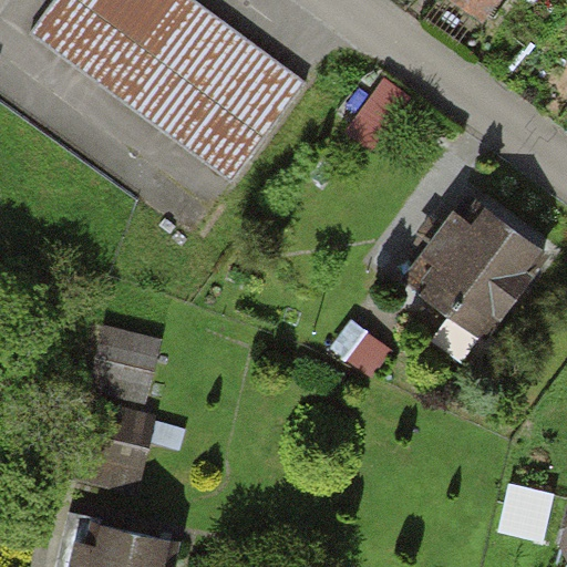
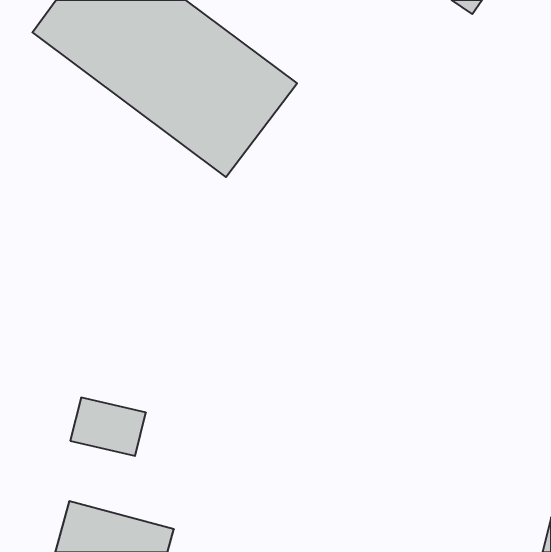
building: [411,203,546,331] -> none
building: [89,326,162,401] -> none

